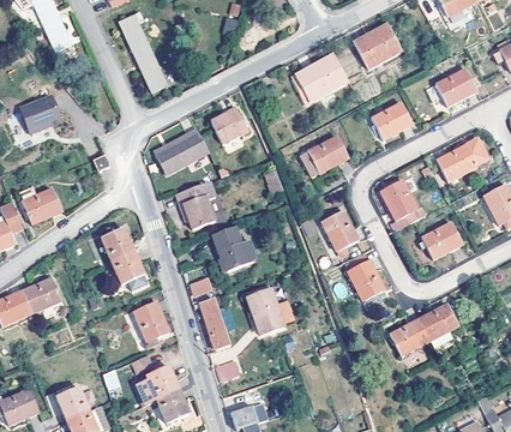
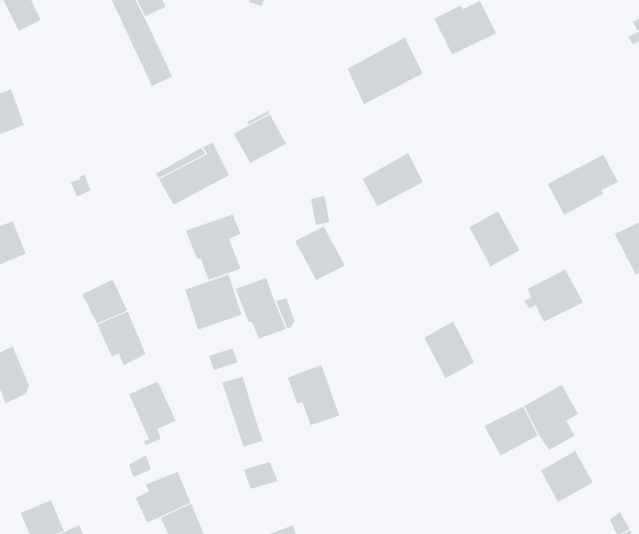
building: [437,68,476,106] -> none
building: [372,103,411,139] -> none
building: [321,210,359,250] -> [294,226,346,281]
building: none -> [184,274,242,331]
building: none -> [540,450,594,503]

